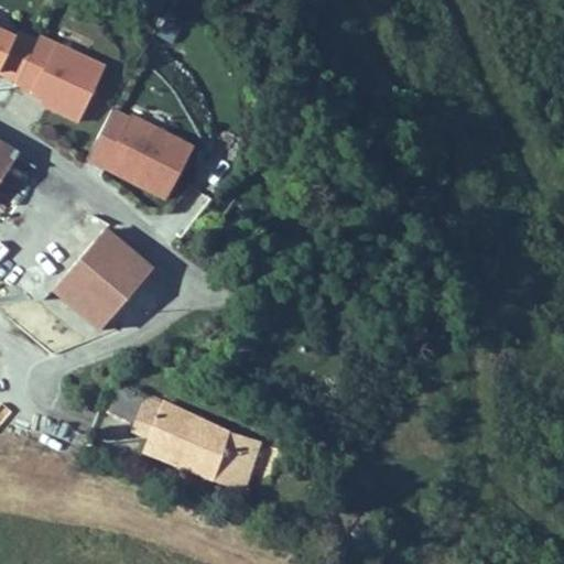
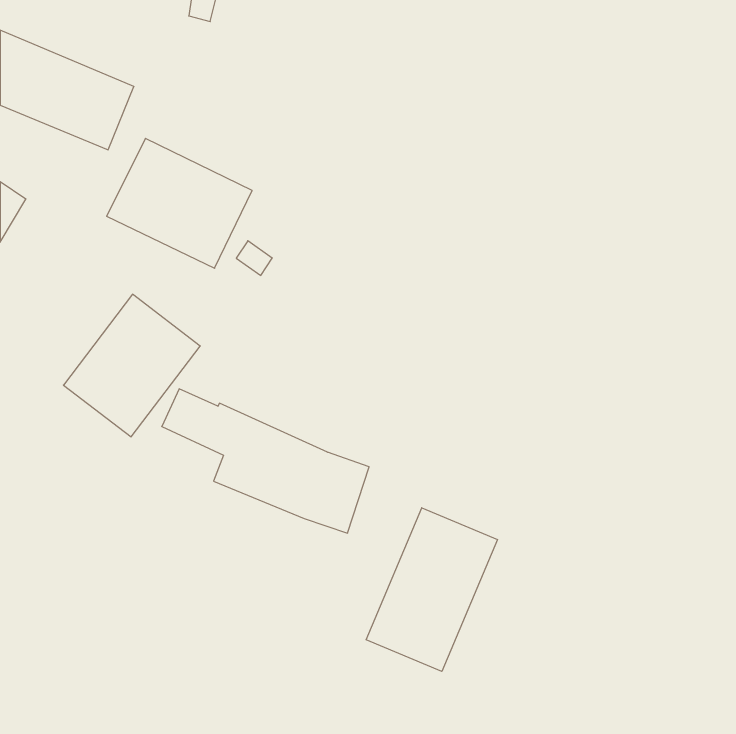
building: [106,381,264,491] -> [162,389,369,533]
building: none -> [366,508,497,671]

